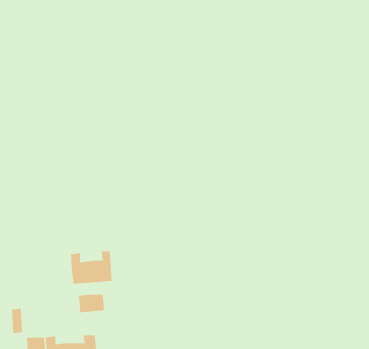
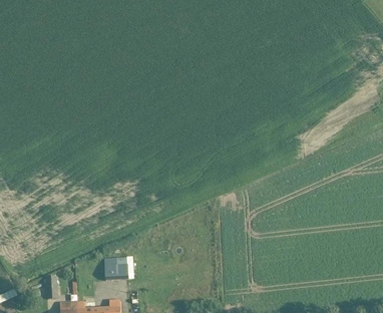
building: [71,251,112,285] -> none

